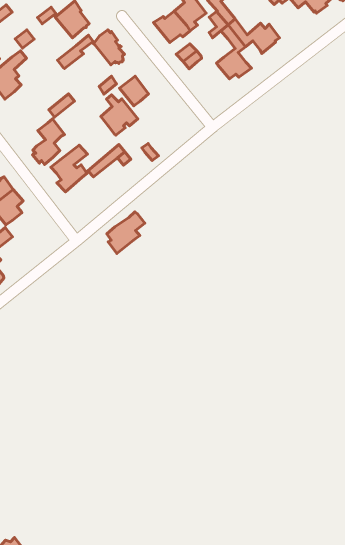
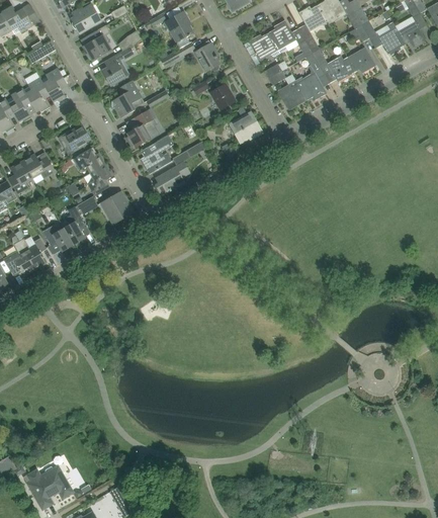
building: none -> [347,48,374,73]
building: none -> [277,80,305,110]
building: none -> [110,80,144,117]
building: [101,95,138,135] -> [230,107,261,143]
building: [107,212,145,253] -> [155,162,189,195]
building: none -> [100,191,133,222]

